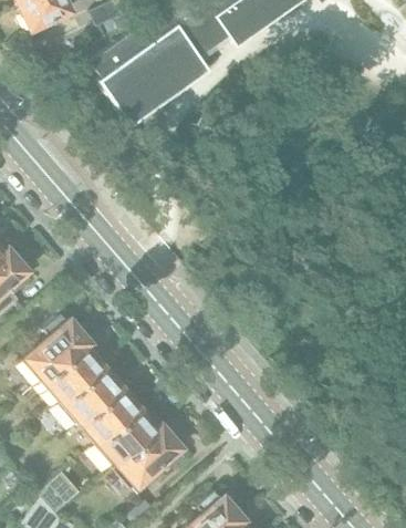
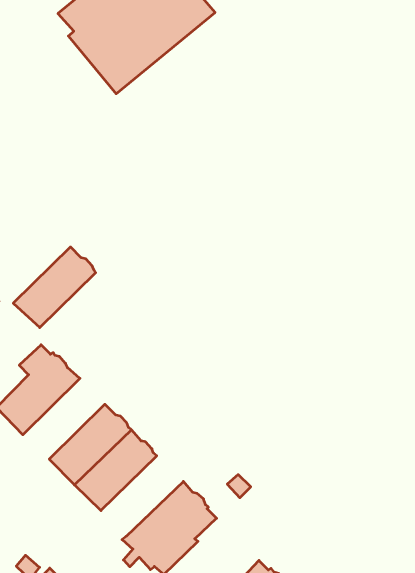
building: [42,338,106,397] -> [13,247,96,328]
building: [97,401,162,460] -> none

